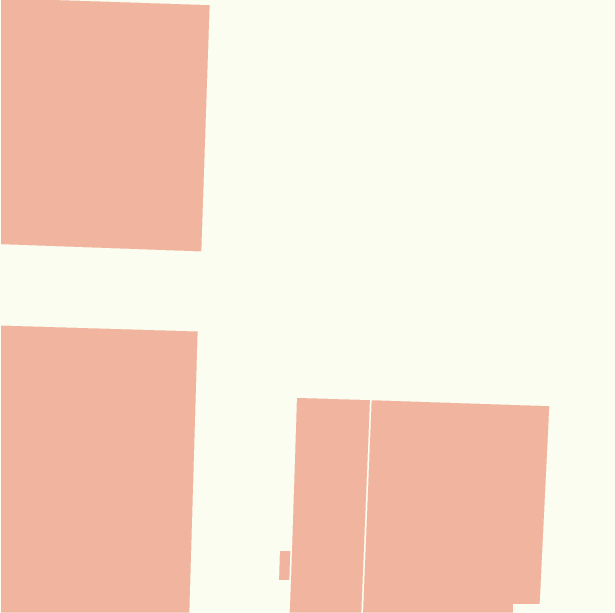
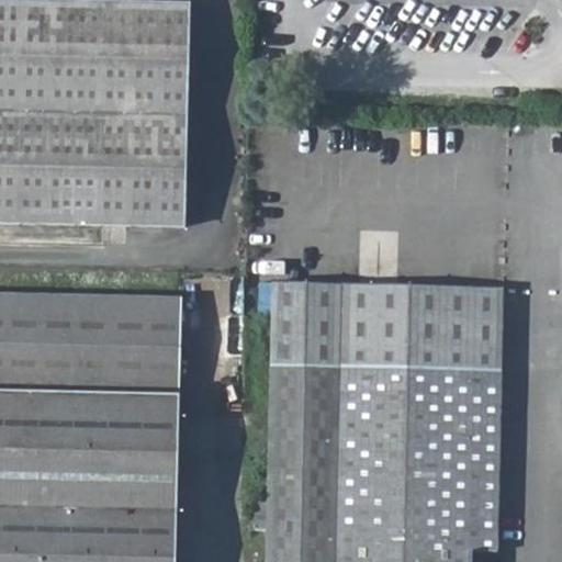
building: none -> [270,278,506,370]

